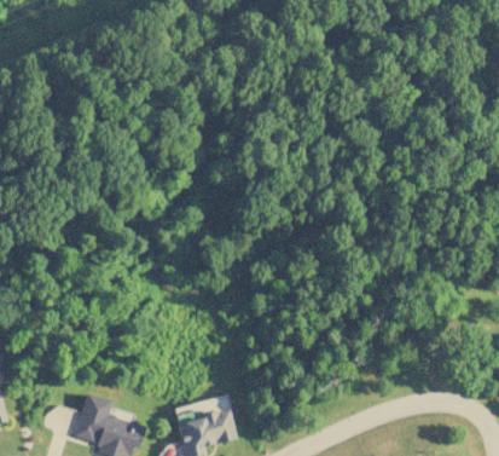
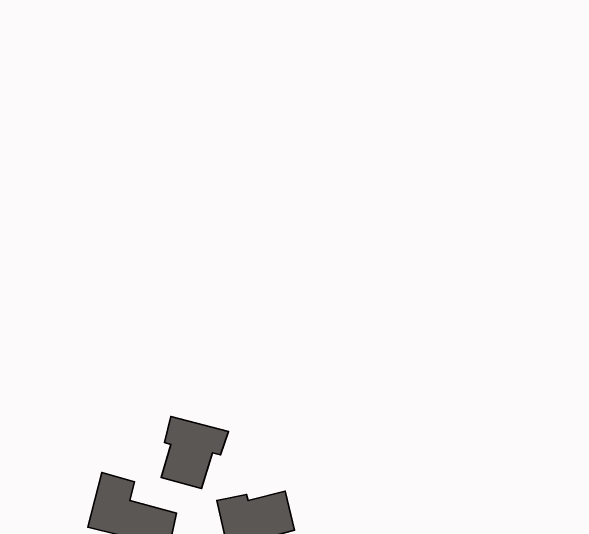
building: none -> [161,416,229,488]

